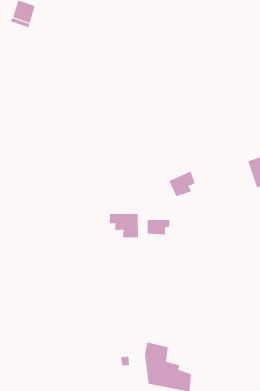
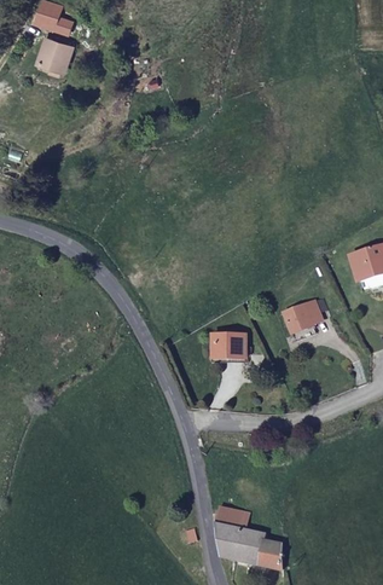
building: [169,171,196,197] -> [283,299,319,334]
building: [109,213,139,238] -> none

